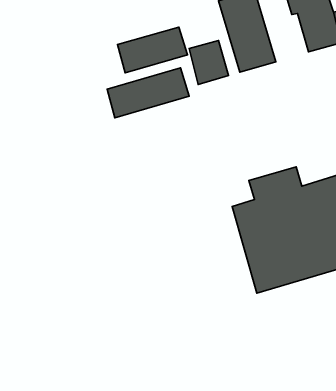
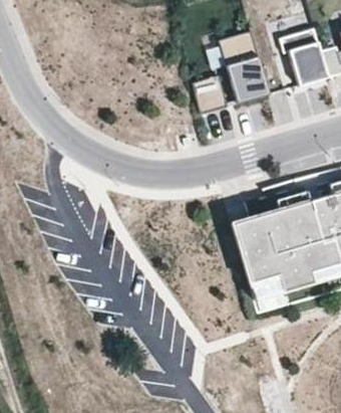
building: [118,27,187,73] -> none
building: [107,68,189,118] -> none

